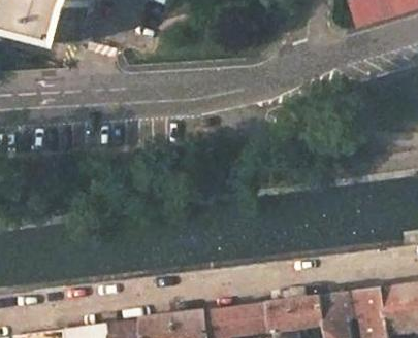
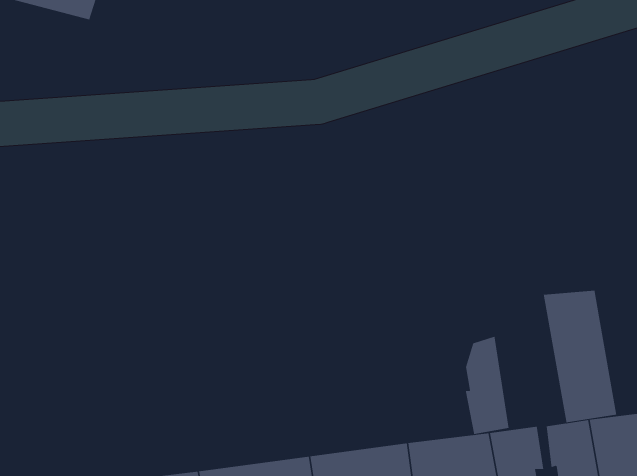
building: none -> [543,290,617,423]
building: none -> [465,336,509,435]

